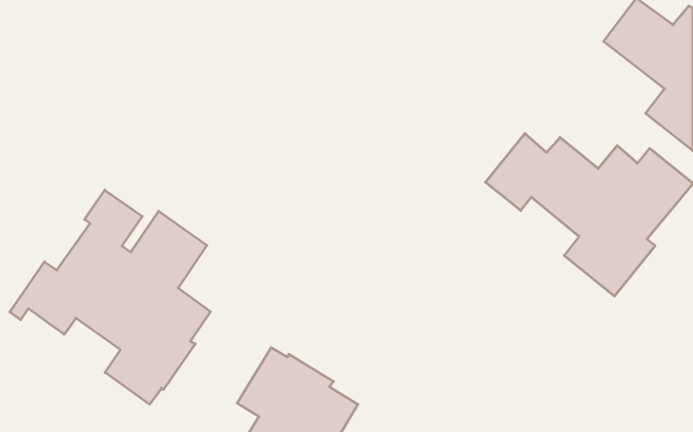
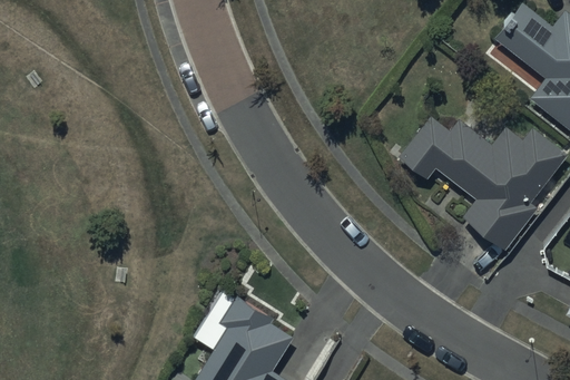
building: [10,190,210,404] -> none

